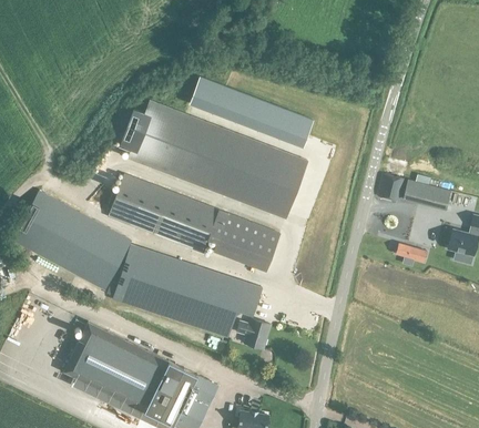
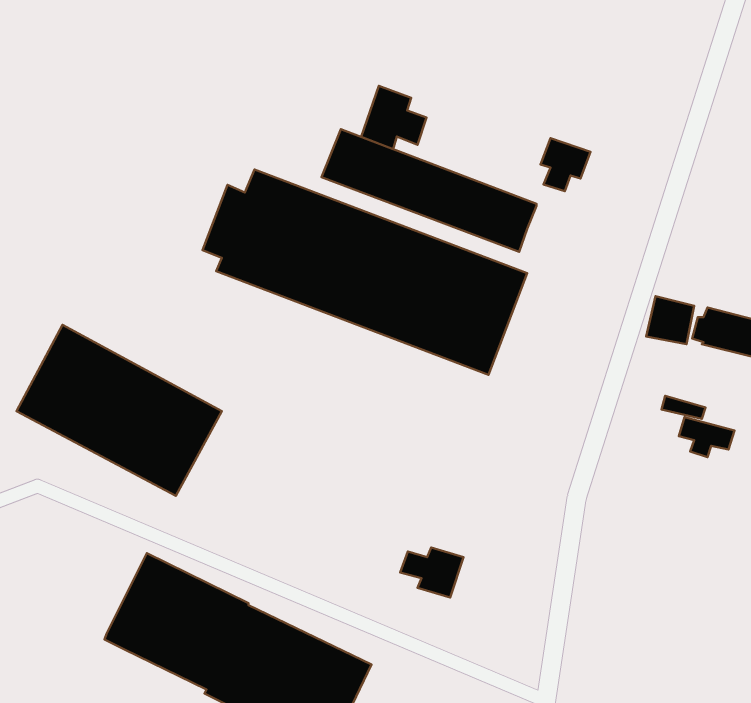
building: none -> [361,86,426,149]
building: none -> [541,138,590,191]
building: [108,173,279,262] -> none
building: [113,243,262,336] -> none

